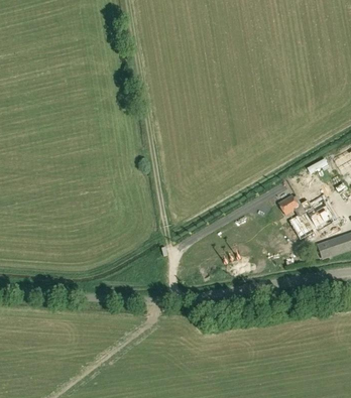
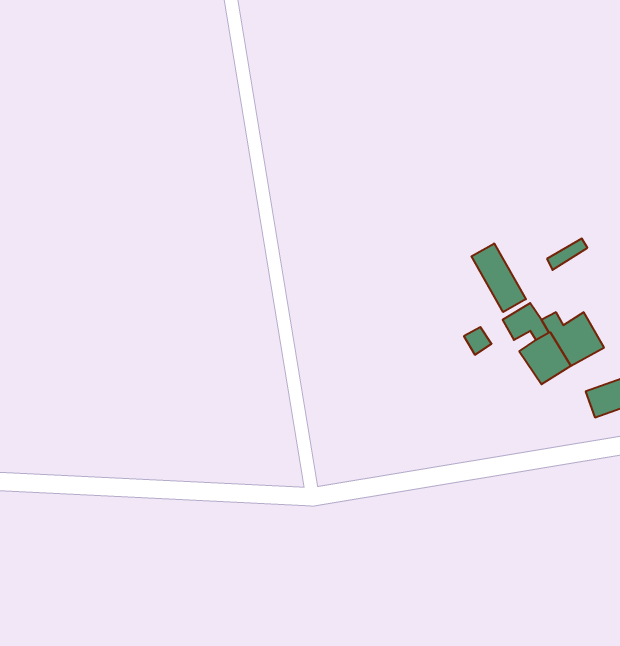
building: none -> [471,243,526,312]

